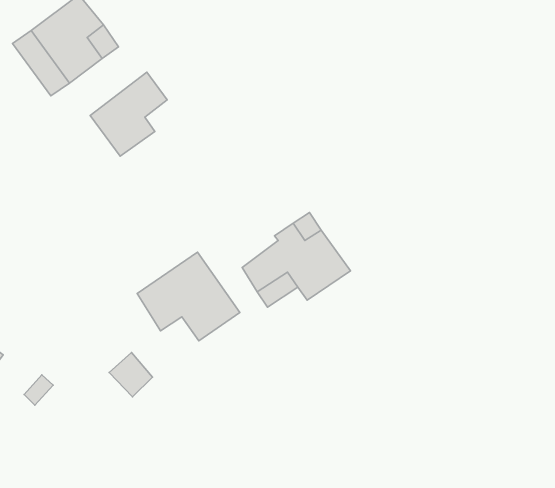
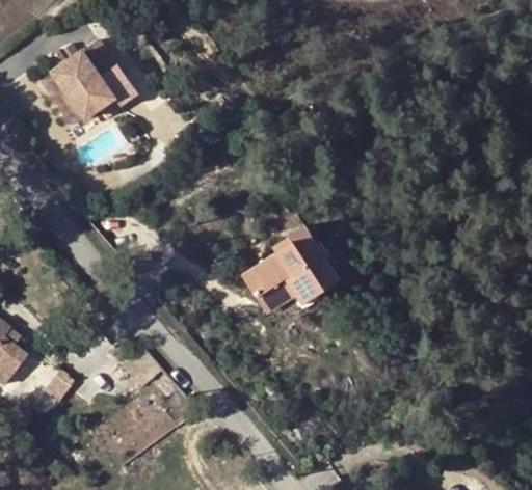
building: [90,72,167,156] -> none
building: [137,252,240,341] -> none

